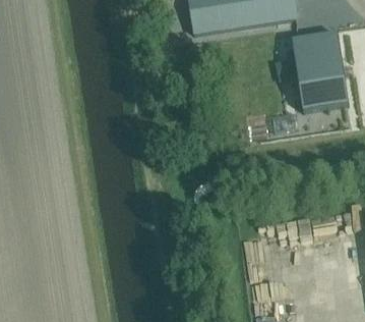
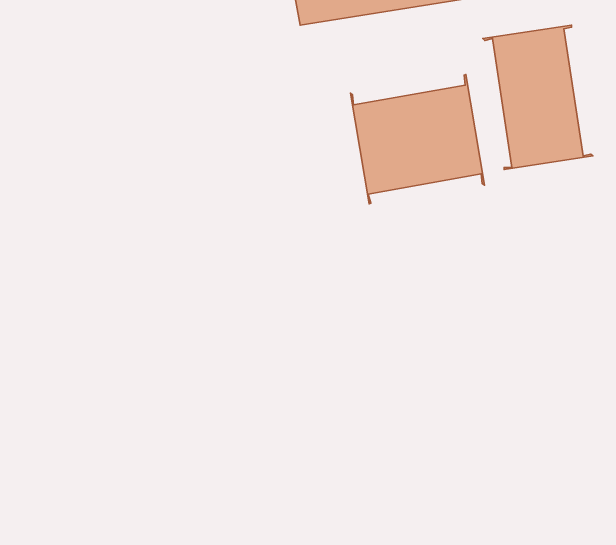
building: none -> [350,75,484,204]

